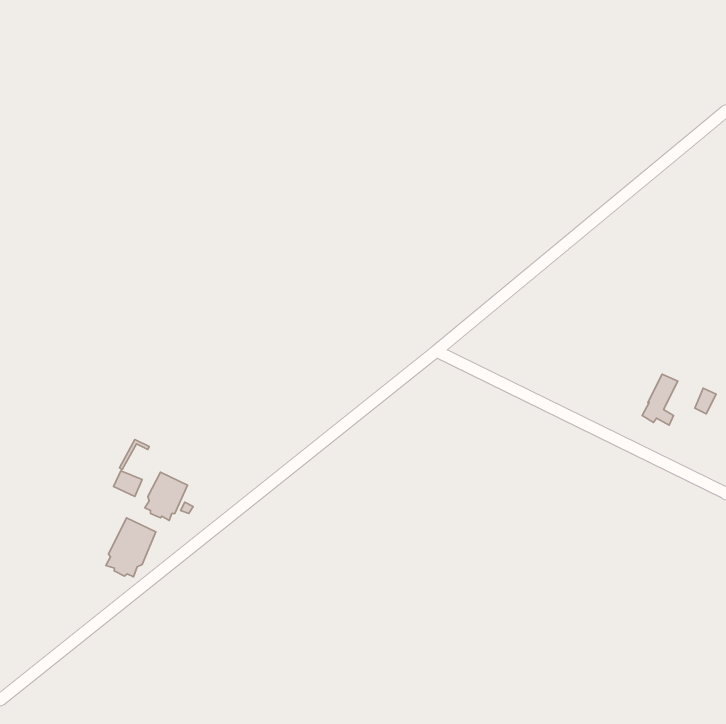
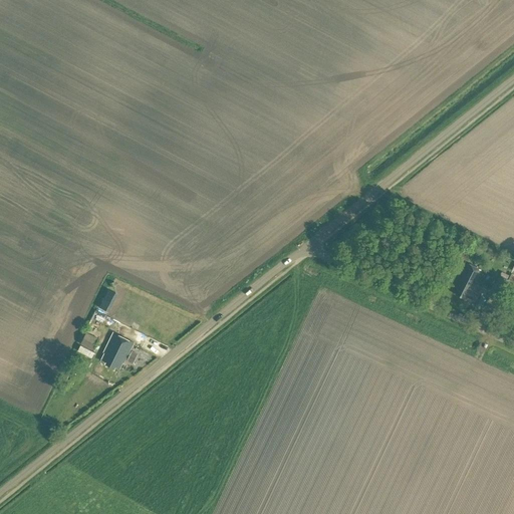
building: [106,518,156,577] -> none

